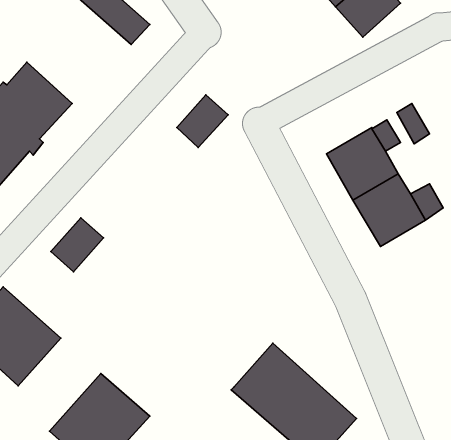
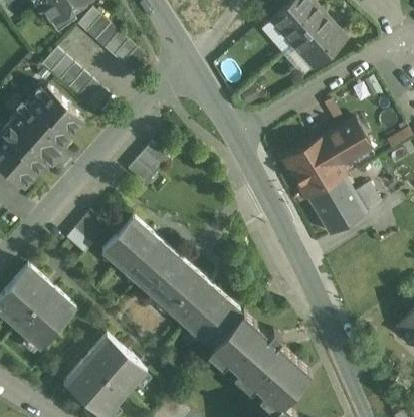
building: none -> [41,48,109,113]
building: [177,95,228,147] -> [127,143,168,185]
building: none -> [102,217,240,347]

